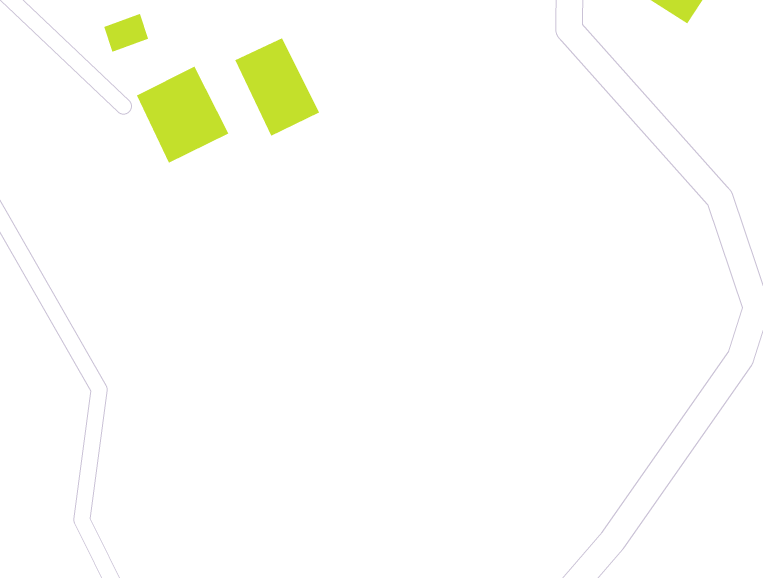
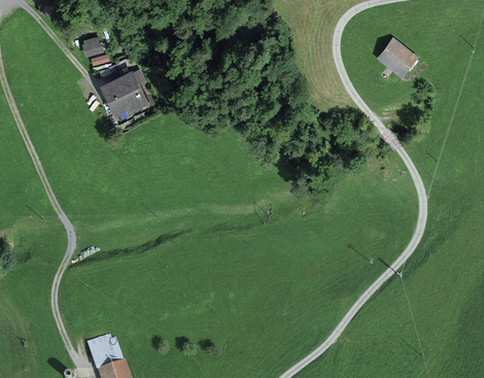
building: [234,37,320,137] -> none

